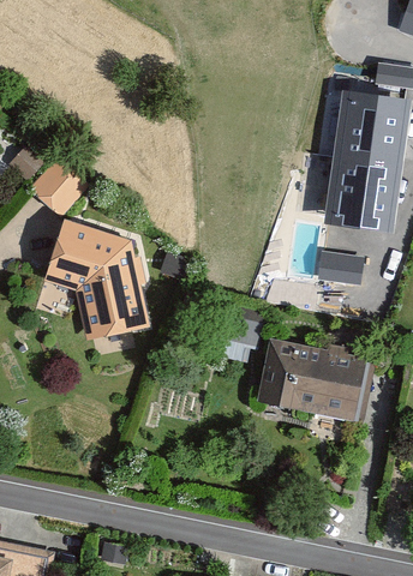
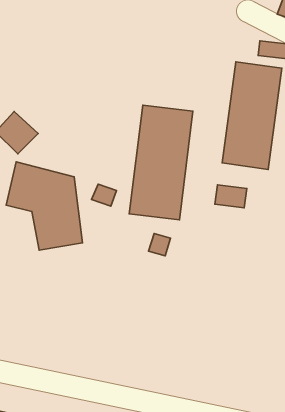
building: none -> [129,105,193,220]
building: [256,337,365,416] -> none

